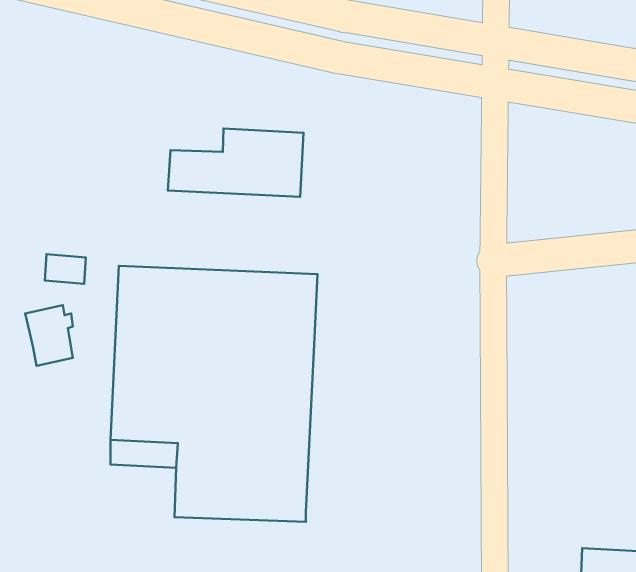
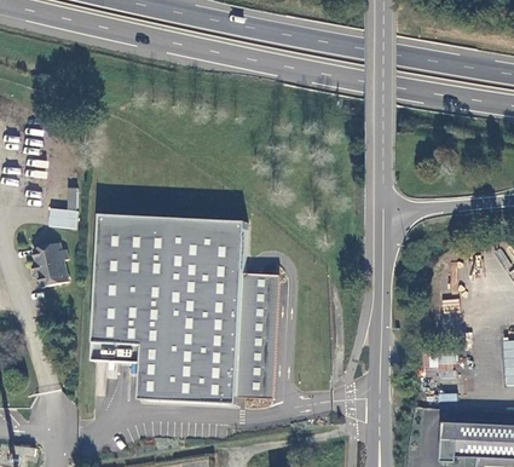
building: [168,128,304,197] -> none
building: none -> [236,272,278,397]

